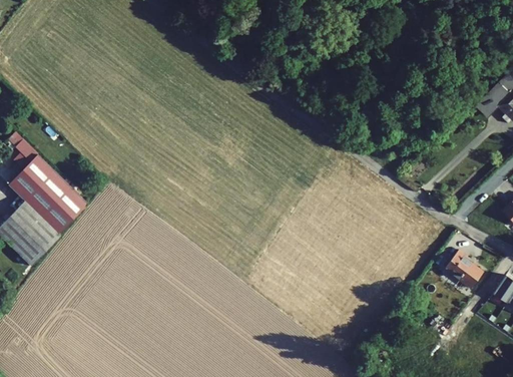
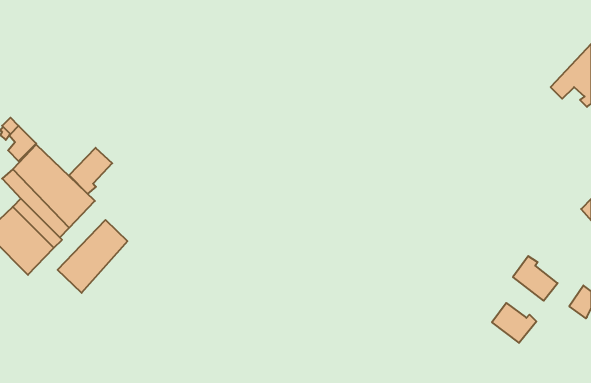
building: none -> [69,148,112,194]
building: none -> [58,220,127,293]
building: none -> [492,303,536,343]

